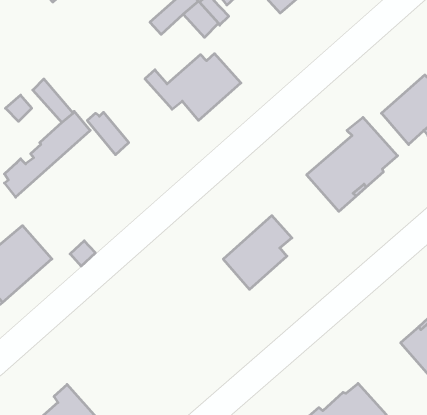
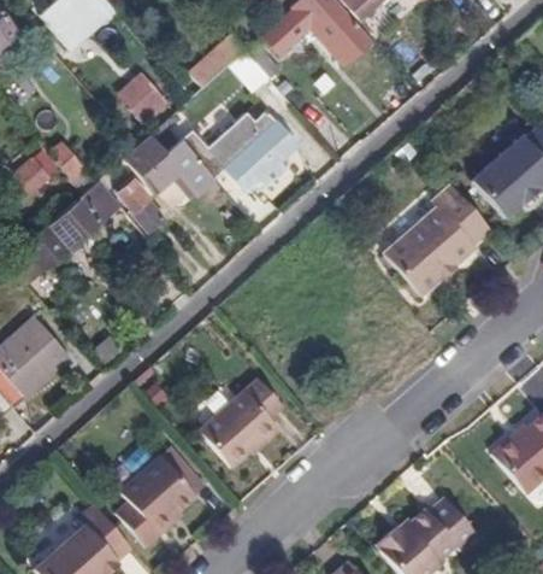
building: none -> [114,71,167,124]
building: none -> [124,135,217,194]
building: [223,216,292,289] -> [197,381,279,469]
building: none -> [119,449,199,537]

